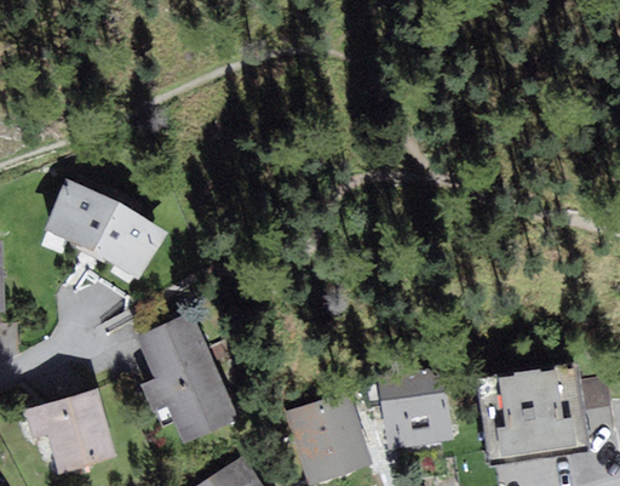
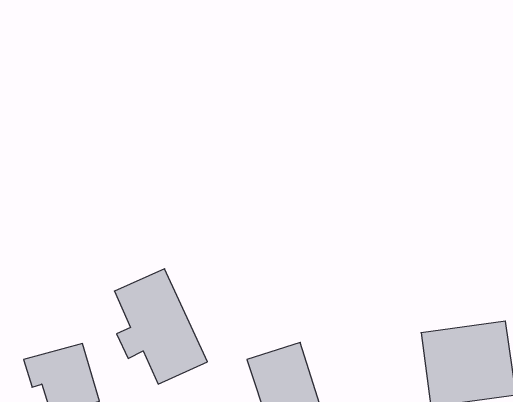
building: [45,182,166,280] -> none
building: [375,362,452,445] -> none

